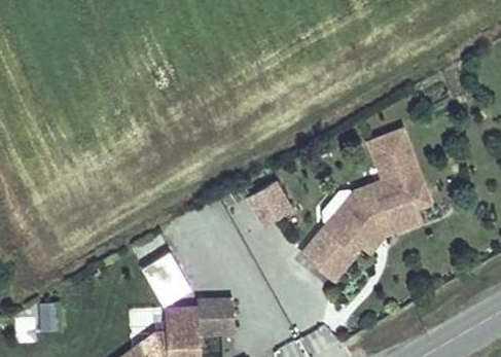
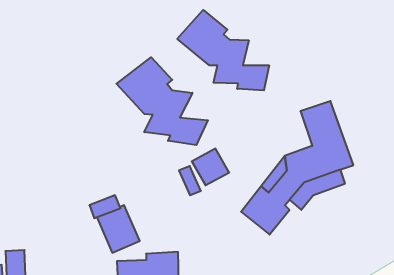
building: none -> [177,10,269,90]
building: none -> [116,57,208,145]

